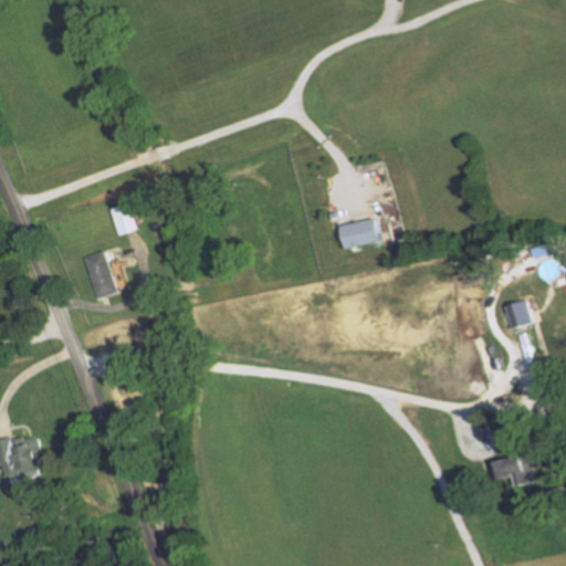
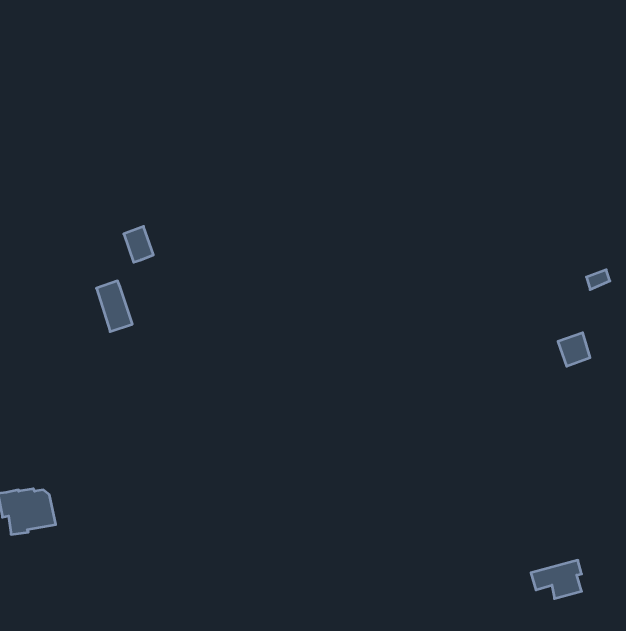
building: [340,220,377,248] -> none
building: [486,453,532,488] -> [531,560,582,599]

